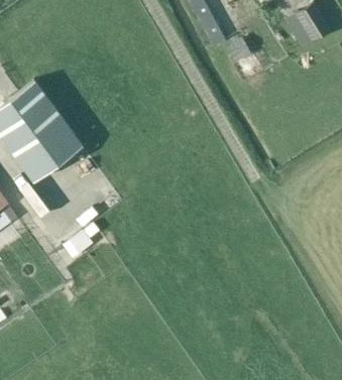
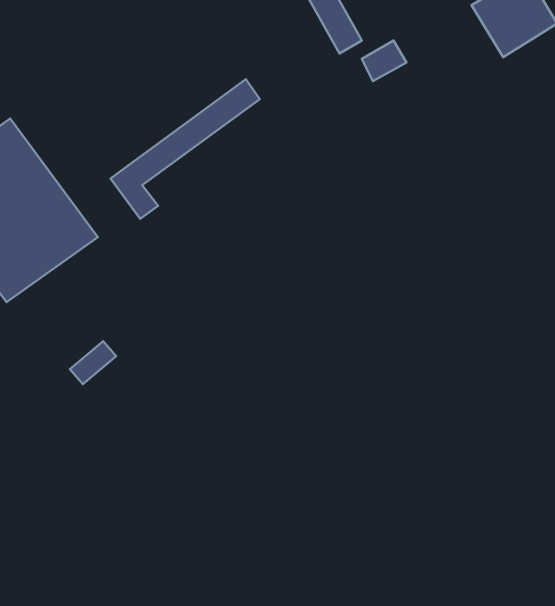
building: none -> [110,79,260,219]

